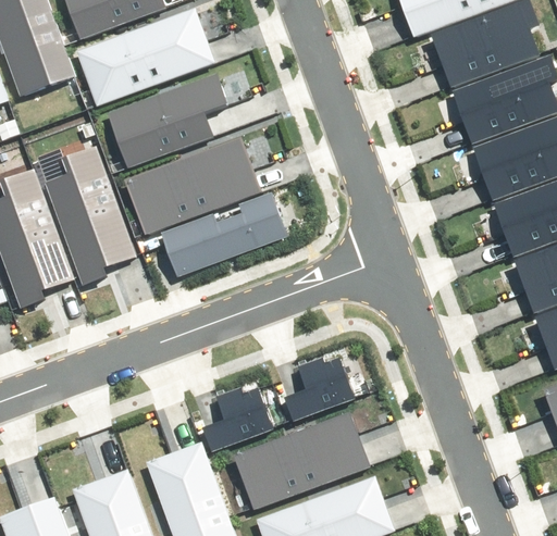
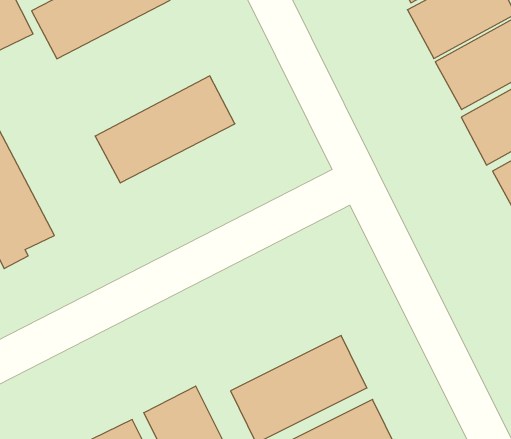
building: [108,73,228,164] -> none
building: [46,146,137,283] -> none
building: [163,190,288,277] -> none
building: [281,359,346,424] -> none
building: [209,383,274,448] -> none

